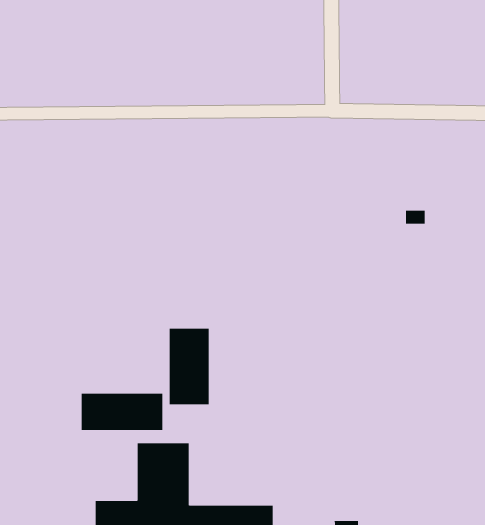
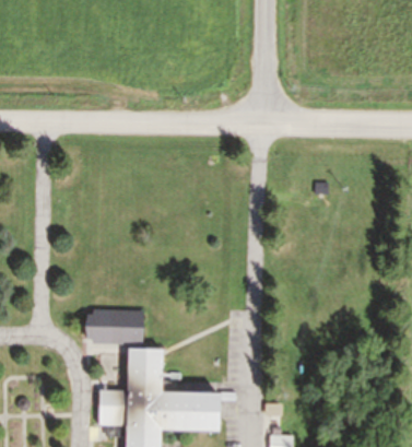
building: [169,328,209,405] -> none

